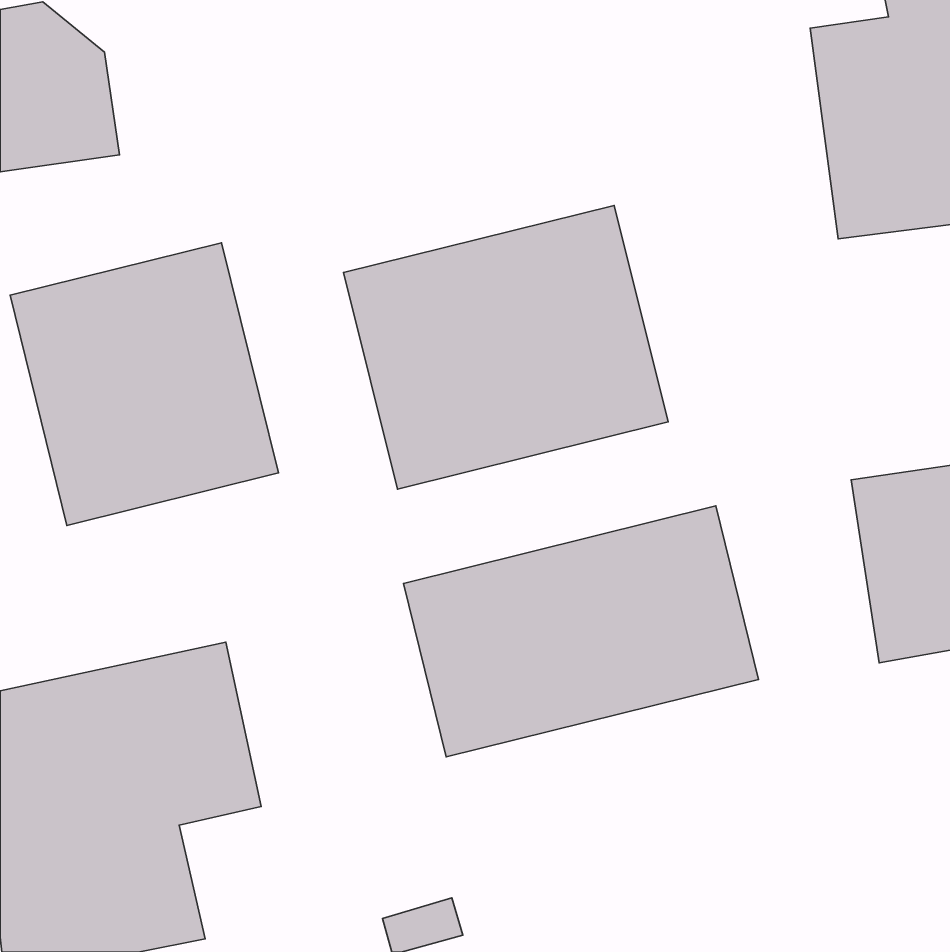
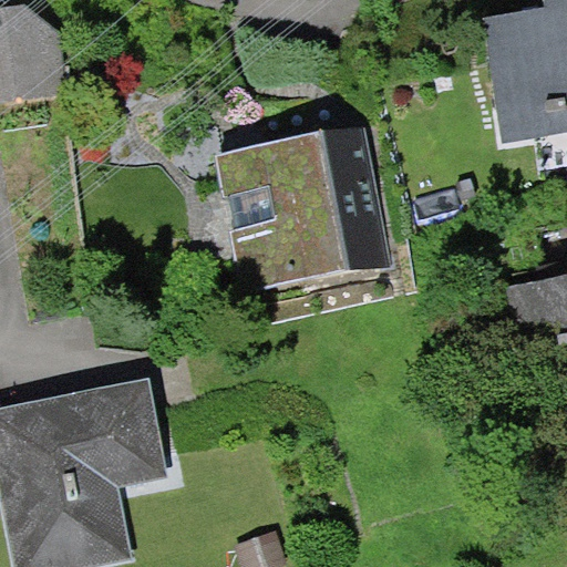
building: [10,243,278,525] -> none
building: [404,506,759,757] -> none

